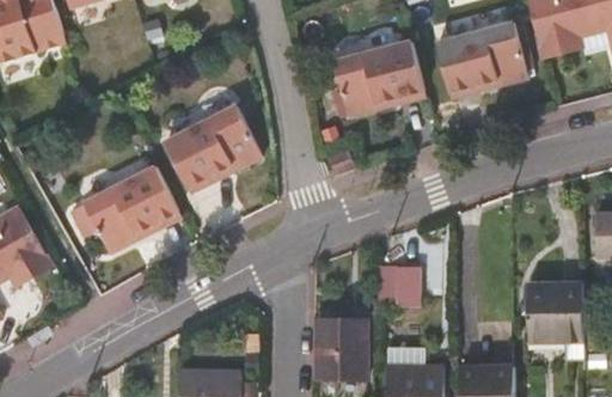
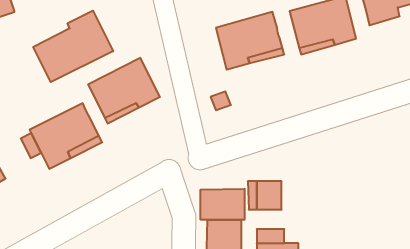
building: none -> [33,11,113,82]
building: none -> [201,189,245,220]
building: [528,282,583,341] -> none

